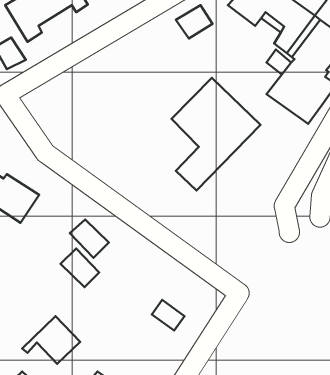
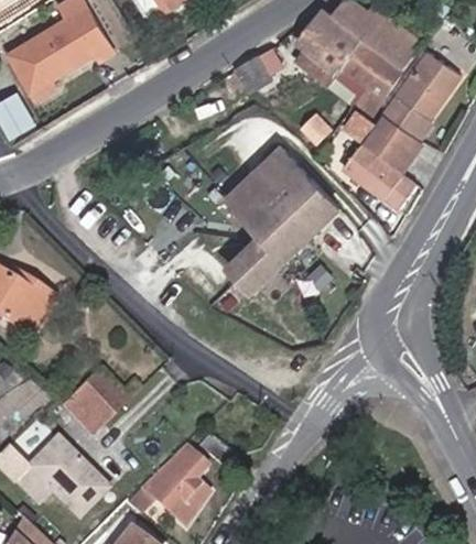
building: [70,220,109,258] -> [59,387,110,436]
building: none -> [12,436,73,496]
building: none -> [126,444,207,520]

